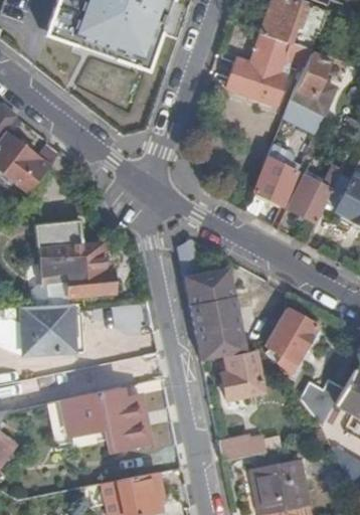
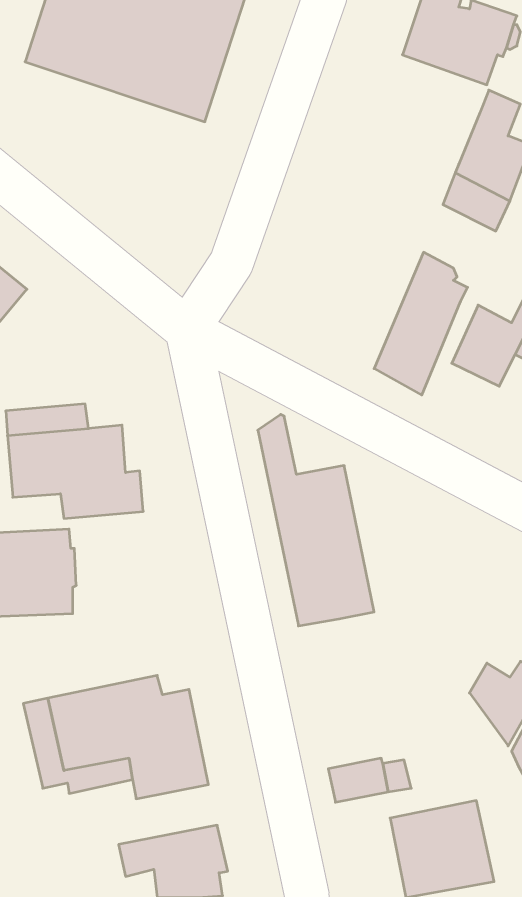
building: [228,32,313,105] -> none
building: [265,307,319,373] -> none
building: [222,348,264,398] -> none

